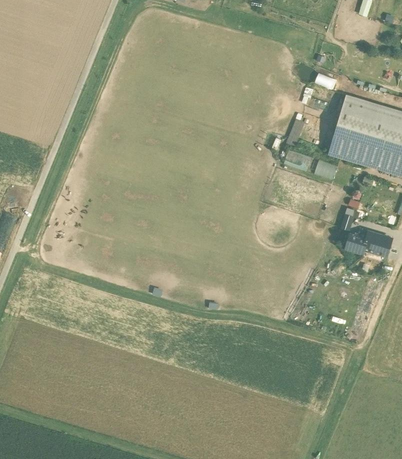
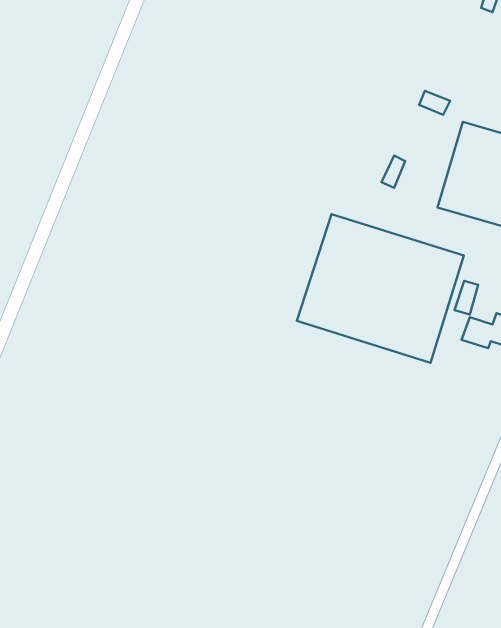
building: none -> [297,214,464,363]

